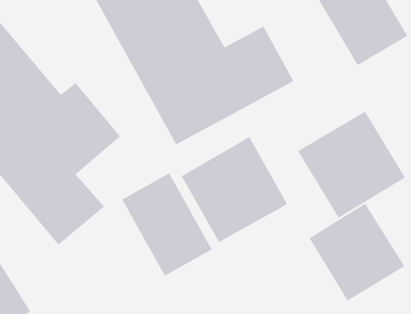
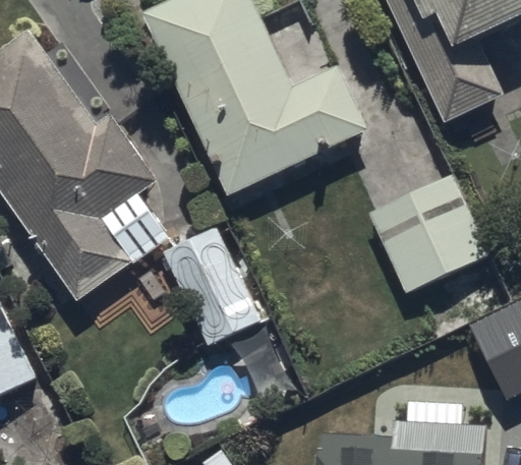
building: [181,136,288,243] -> none
building: [309,203,405,301] -> none

